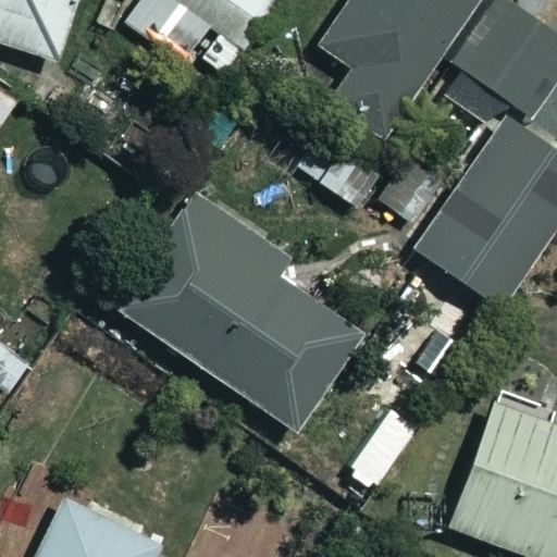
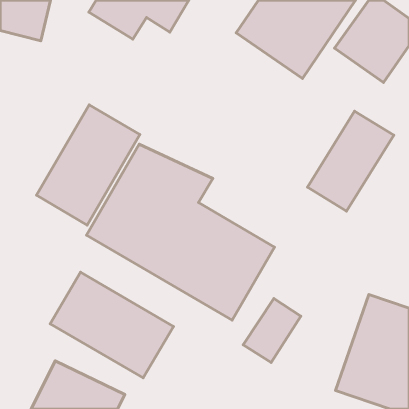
building: none -> [36,105,140,225]
building: none -> [50,272,174,378]

